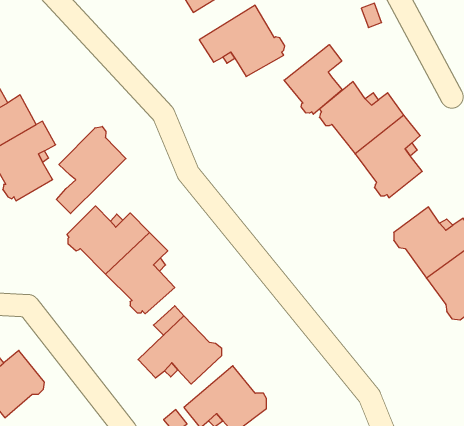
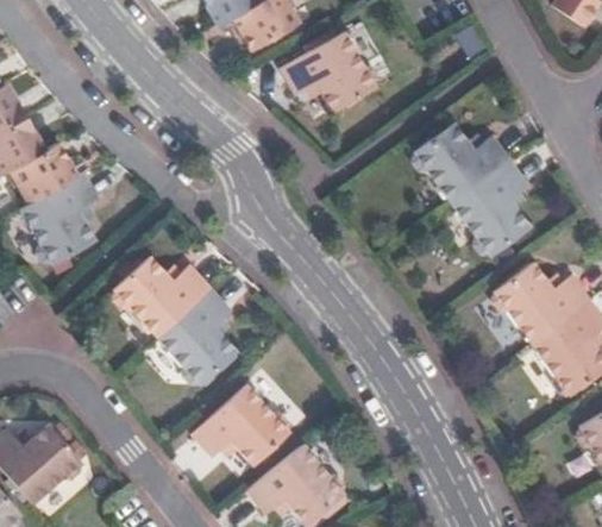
building: [284,45,342,114] -> none
building: [56,126,126,214] -> none

